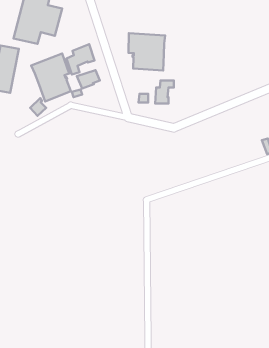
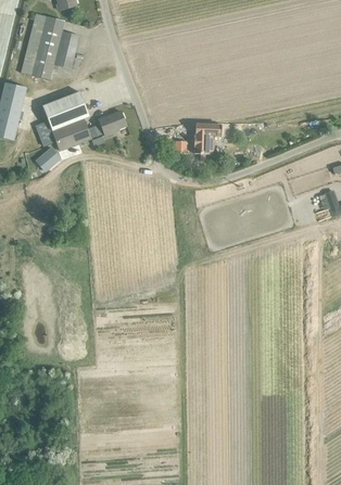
building: [129,33,165,71] -> none
building: [67,44,95,75] -> none

